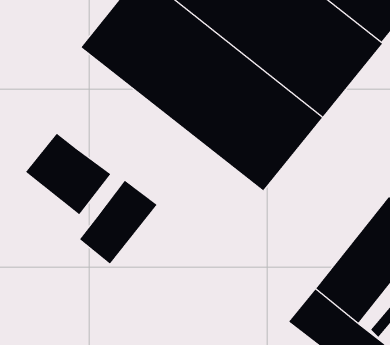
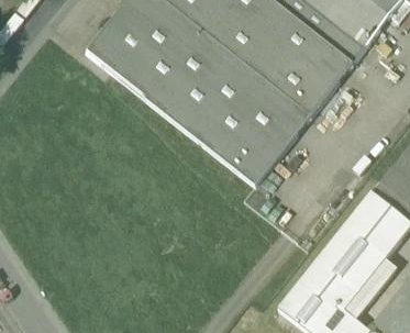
building: [25,133,111,215] -> none
building: [79,180,158,264] -> none

